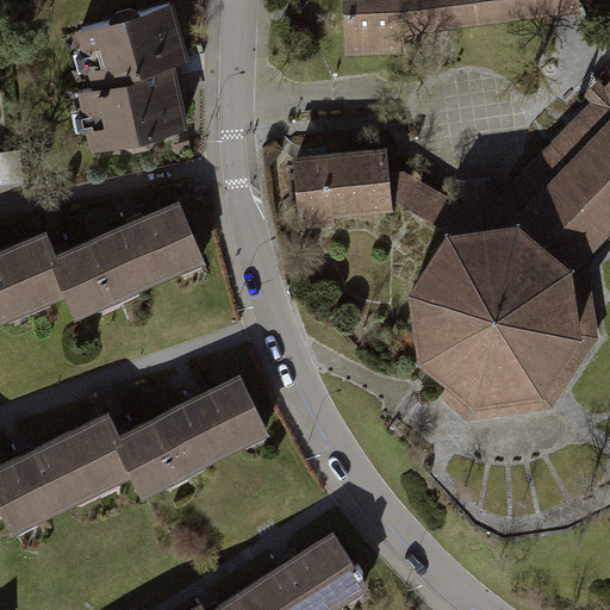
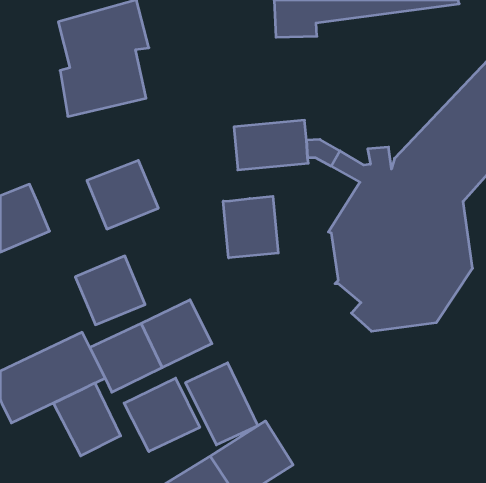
building: [49,231,136,317] -> [75,256,145,325]
building: none -> [223,196,278,258]
building: none -> [186,363,258,445]
building: none -> [124,378,200,452]
building: none -> [54,383,121,456]

